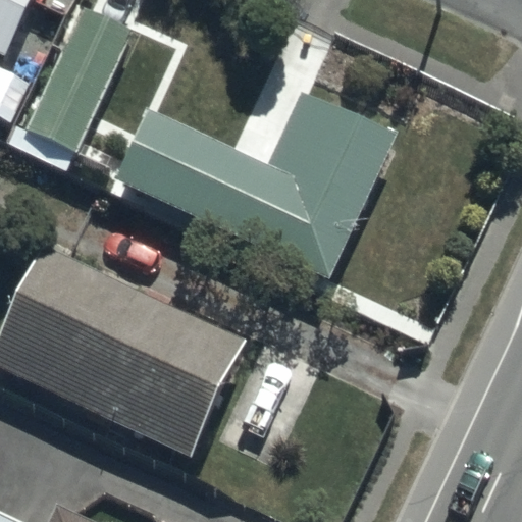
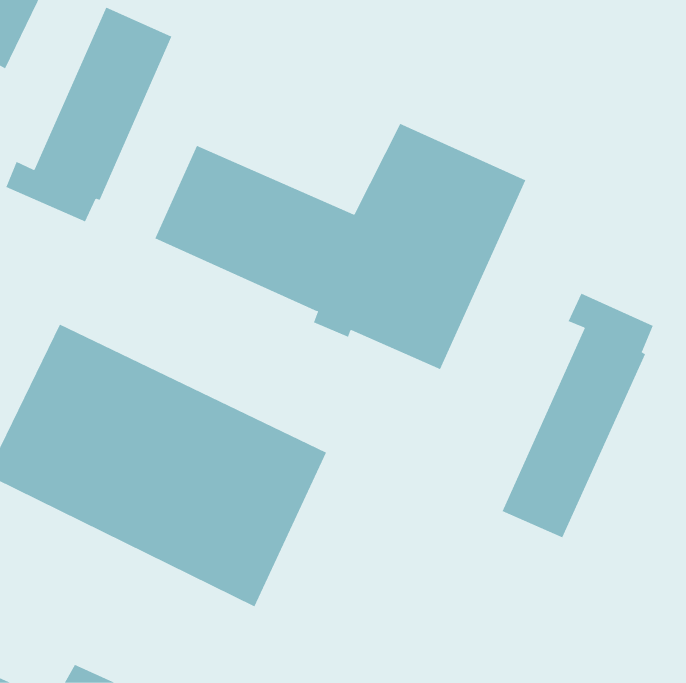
building: none -> [502,293,654,538]

